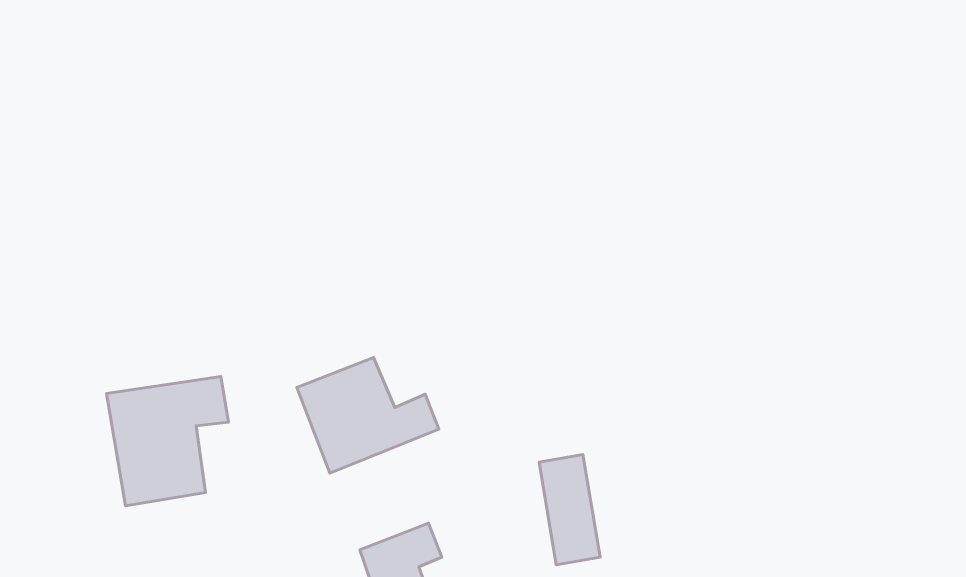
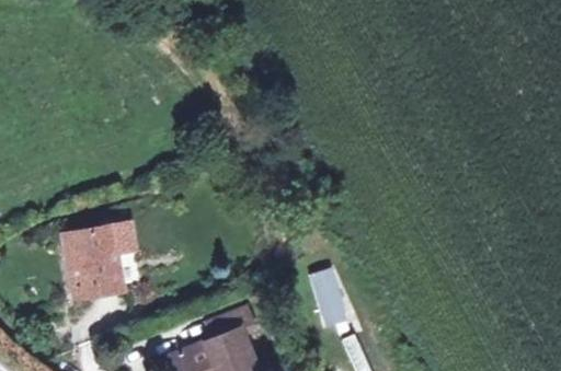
building: [297,358,439,473] -> none

